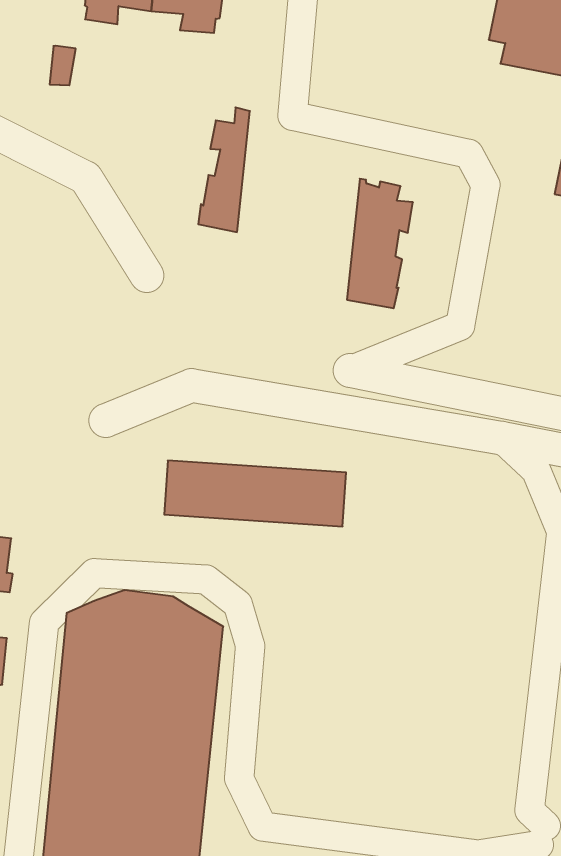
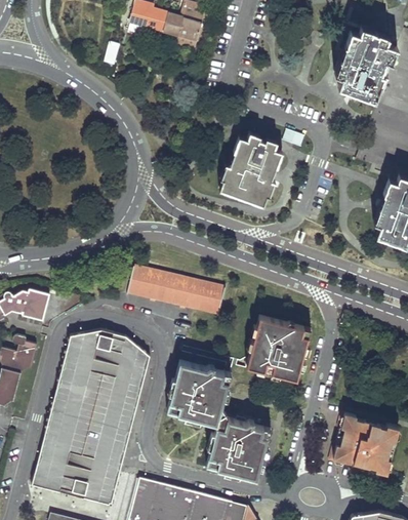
building: [198,107,250,232] -> [220,133,256,198]
building: none -> [246,317,308,381]
building: none -> [167,361,268,481]

